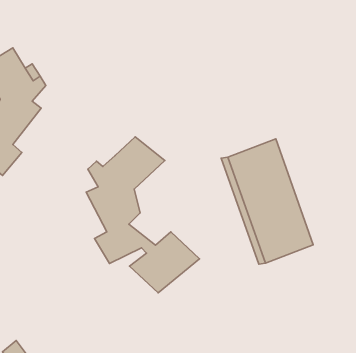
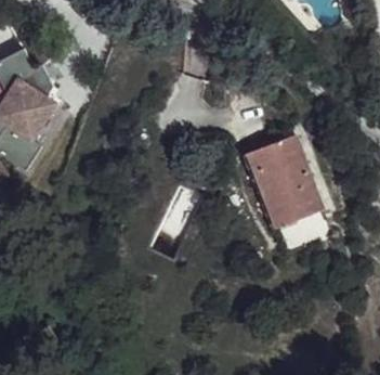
building: [86,137,200,293] -> none

